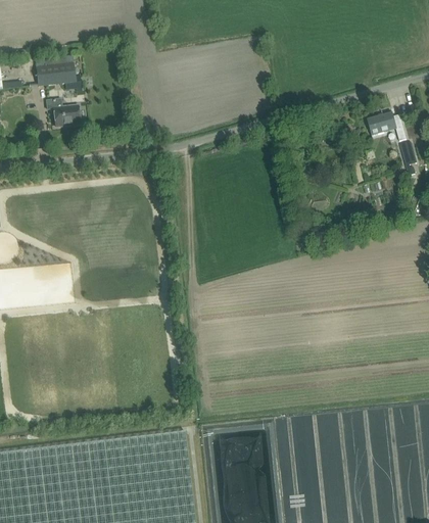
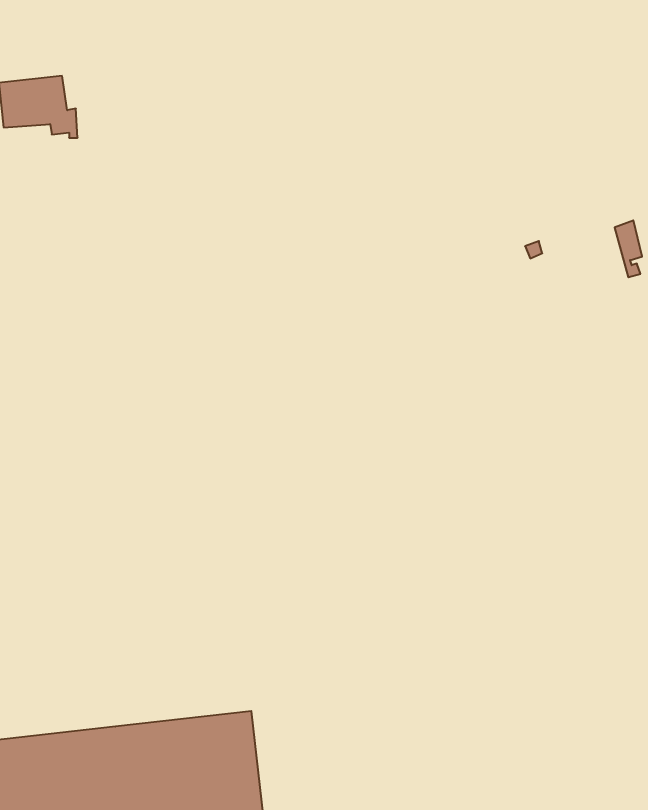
building: [47,99,81,126] -> none
building: [369,113,408,142] -> none

